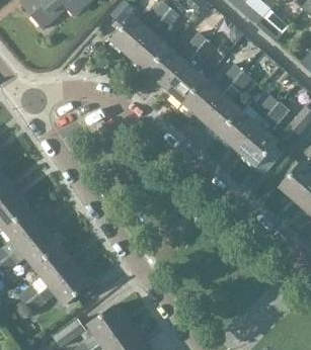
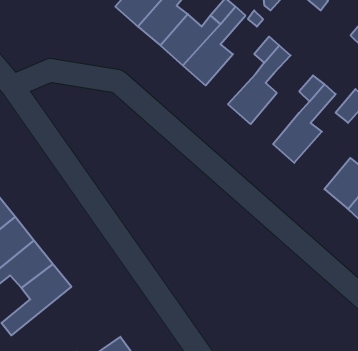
building: [182,78,223,118] -> none
building: [219,109,258,151] -> none
building: [25,266,88,314] -> none

